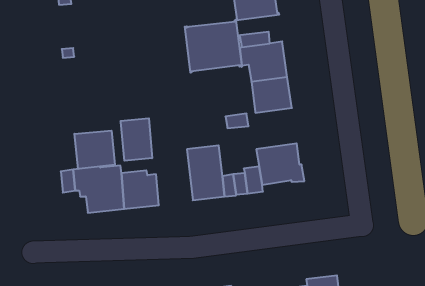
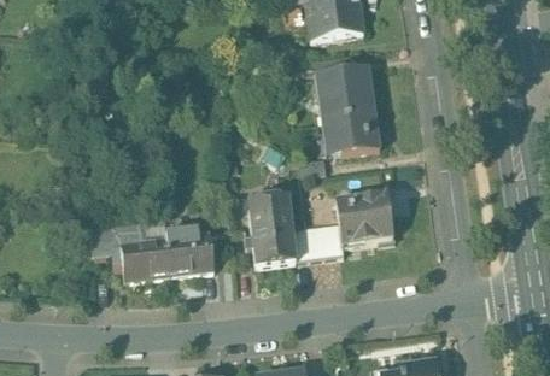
building: [185,20,242,73] -> none
building: [121,118,152,161] -> none
building: [74,131,115,169] -> none

